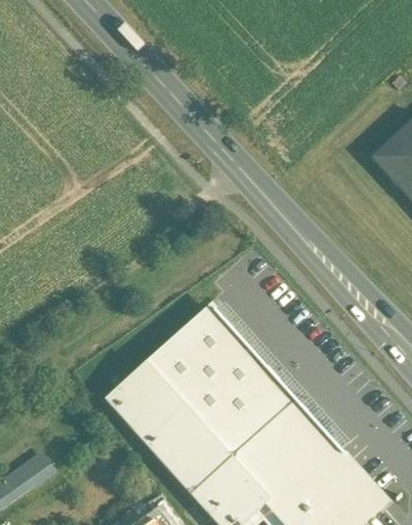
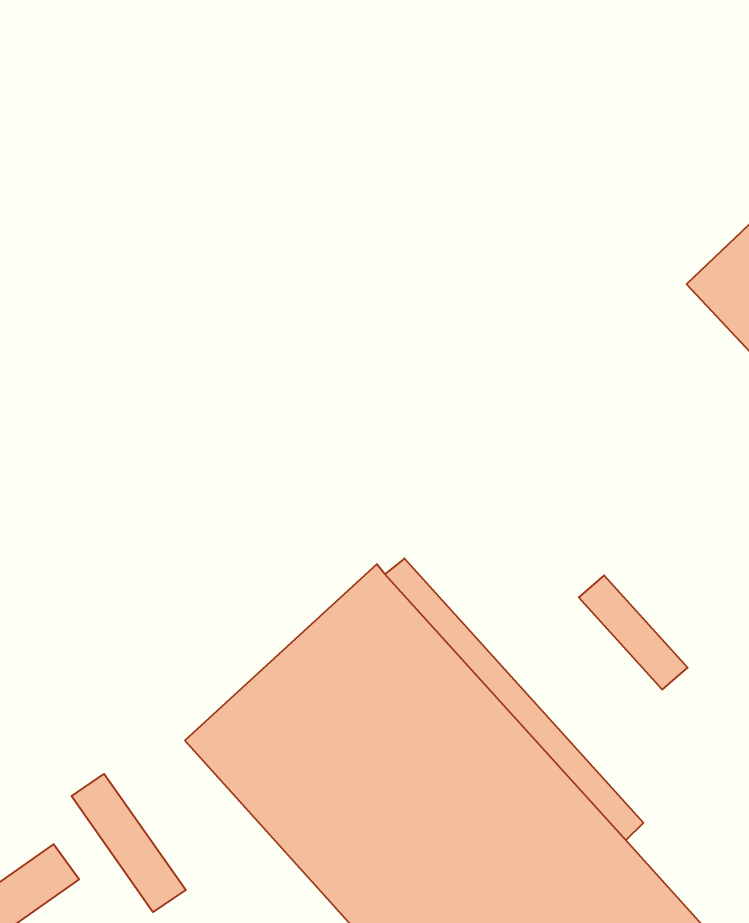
building: none -> [579,575,688,690]
building: none -> [72,774,186,912]

